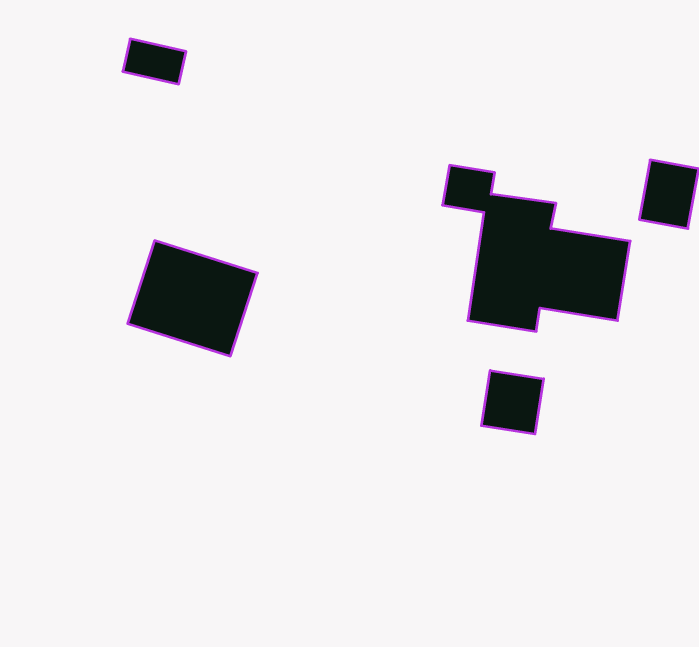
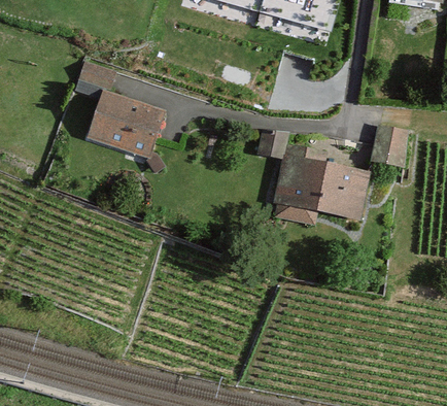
building: [128,241,258,356] -> [91,93,165,159]
building: [481,370,544,434] -> none

